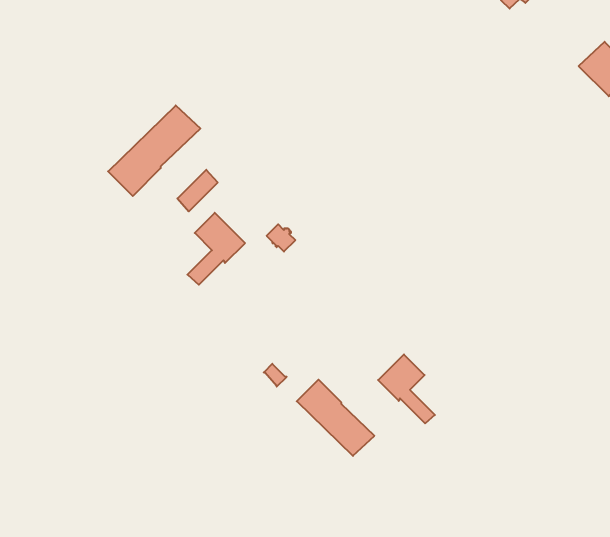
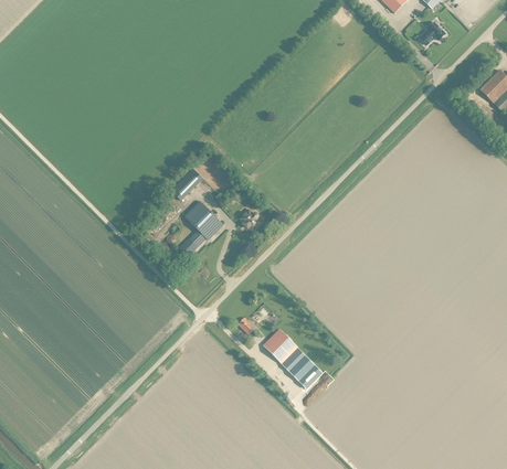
building: [108,105,200,196] -> none
building: [378,354,435,423] -> none

